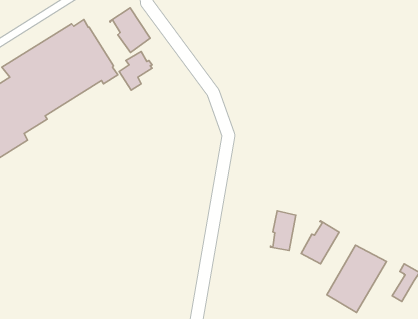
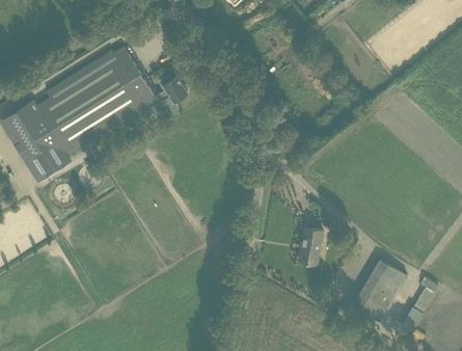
building: [110,8,150,52] -> none
building: [301,221,339,264] -> none

